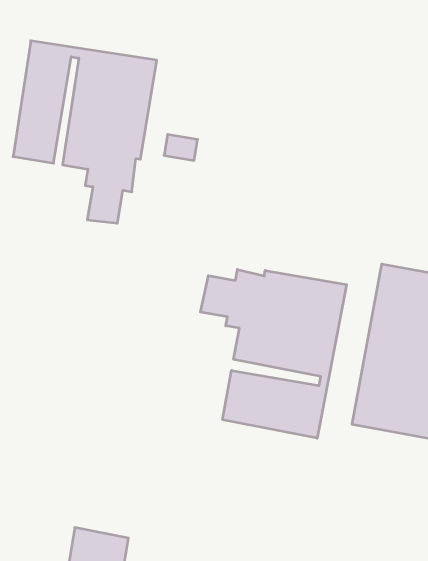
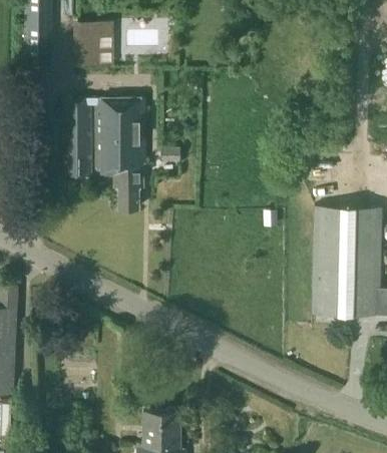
building: [200,269,347,438] -> none

